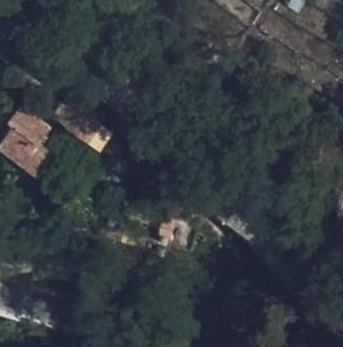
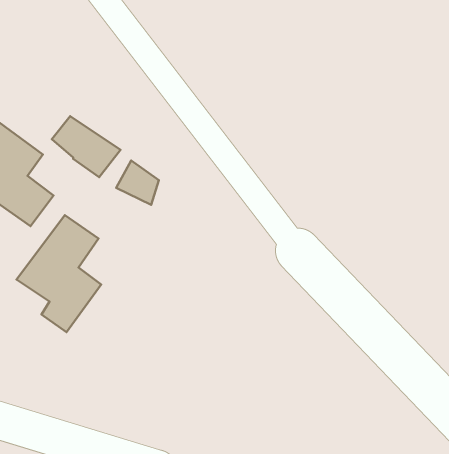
building: none -> [16,215,101,332]

